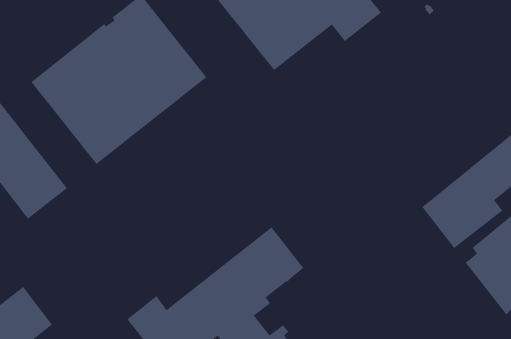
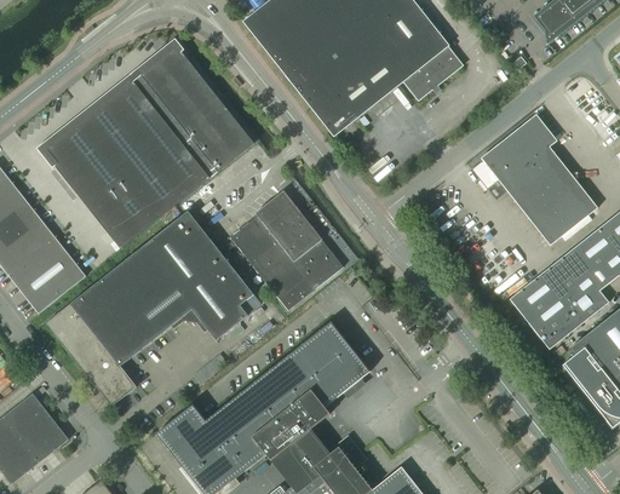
building: none -> [471,114,597,245]
building: none -> [230,190,343,309]
building: none -> [46,209,253,406]

